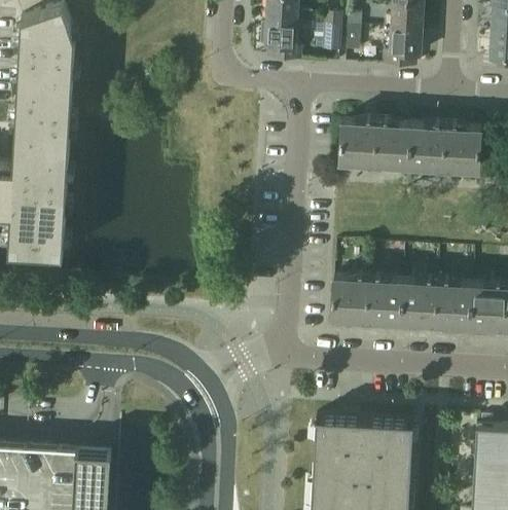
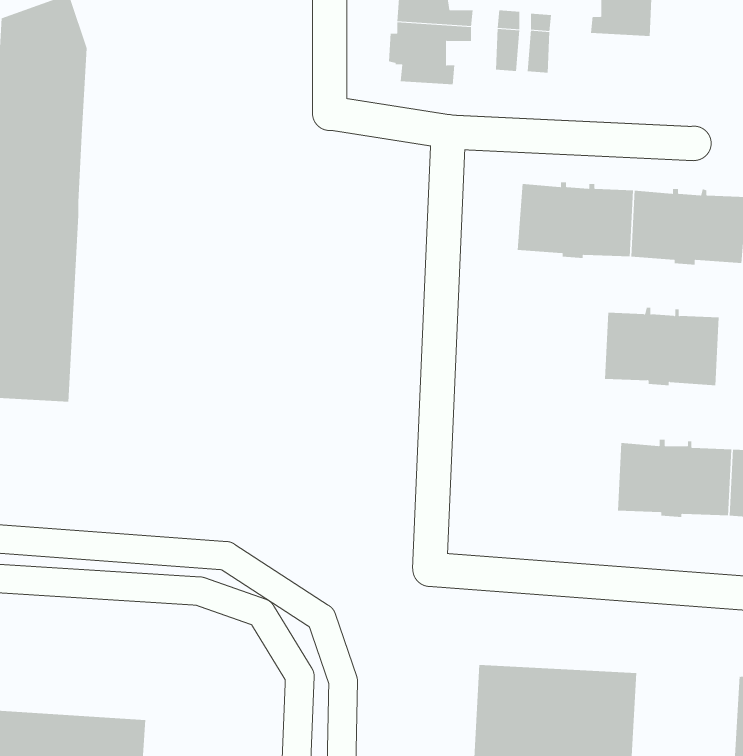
building: [383,27,422,66] -> none
building: [332,272,403,321] -> [604,307,720,386]

